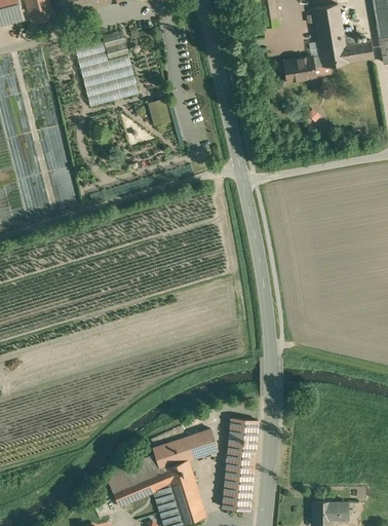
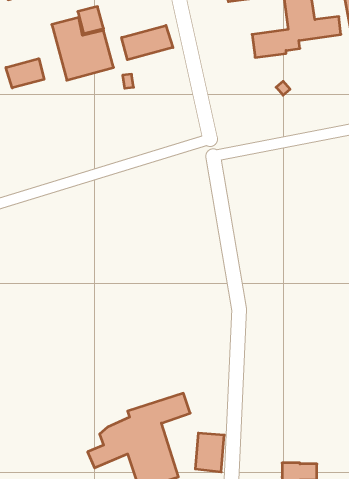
building: none -> [122,25,173,60]
building: none -> [6,59,44,88]
building: [226,417,258,472] -> none

